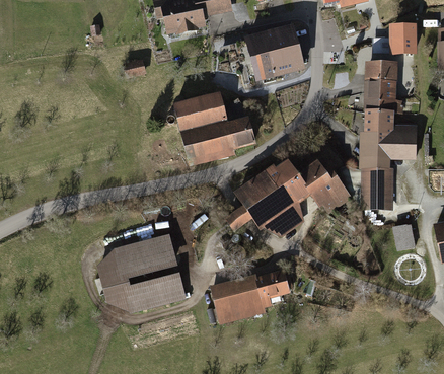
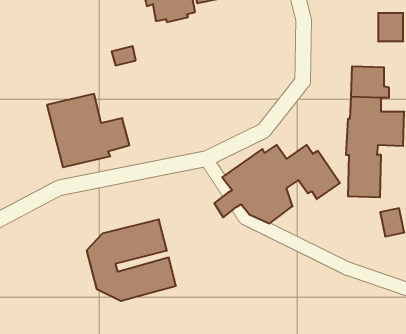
building: [250,23,305,80] -> none
building: [364,61,397,80] -> none
building: [172,90,255,164] -> [47,94,129,167]
building: [209,269,293,326] -> none

